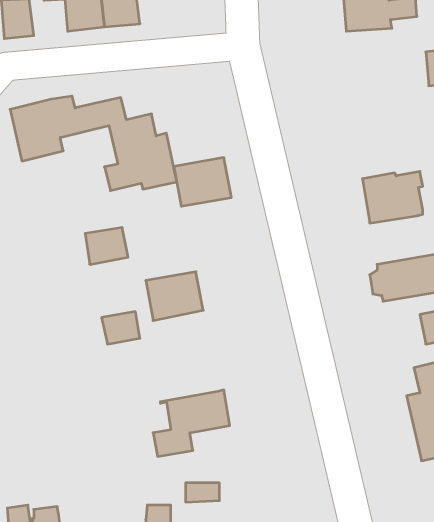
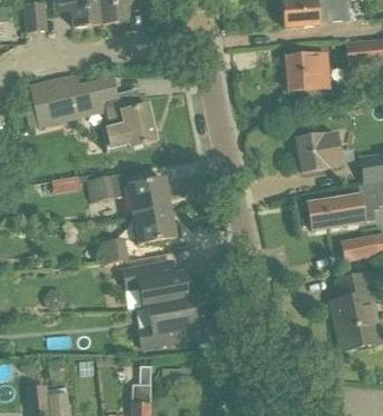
building: none -> [287,52,331,90]
building: [174,158,231,206] -> [127,178,170,215]
building: none -> [122,265,187,306]

